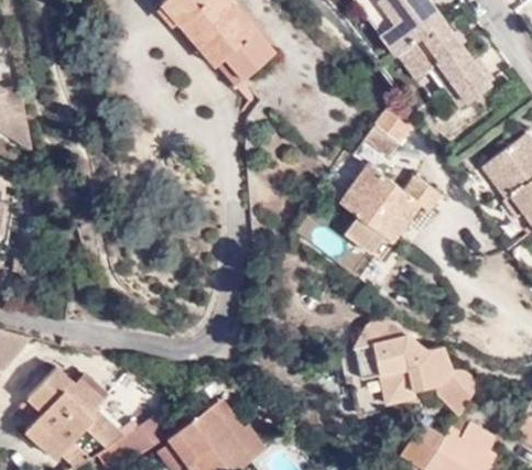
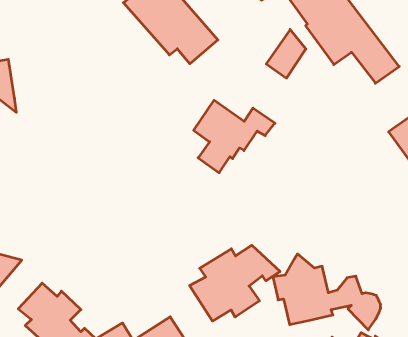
building: [362,100,412,161] -> [266,29,306,78]
building: [338,168,439,259] -> [194,100,275,173]
building: none -> [190,245,280,321]

